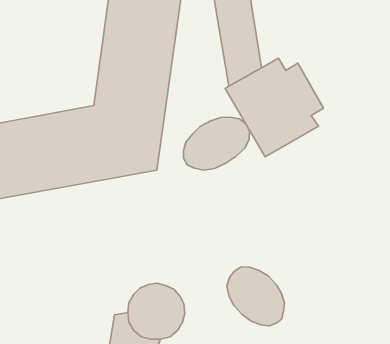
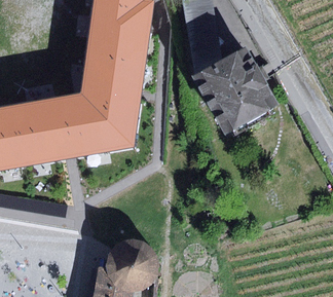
building: [183,117,250,170] -> none
building: [227,267,285,326] -> none

